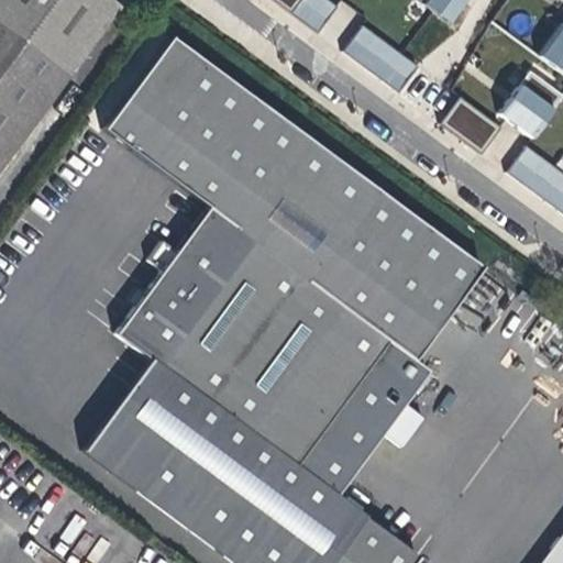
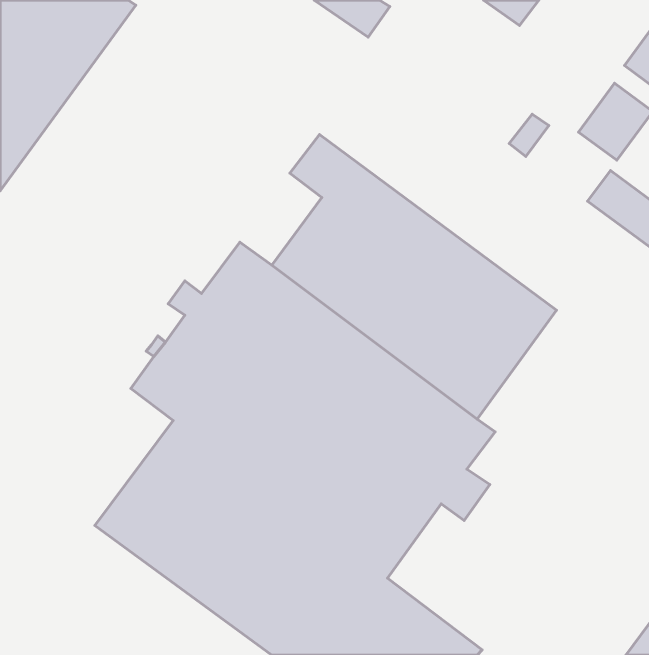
building: [345,25,420,92] -> none
building: [106,37,282,228] -> none
building: [456,108,503,154] -> none

